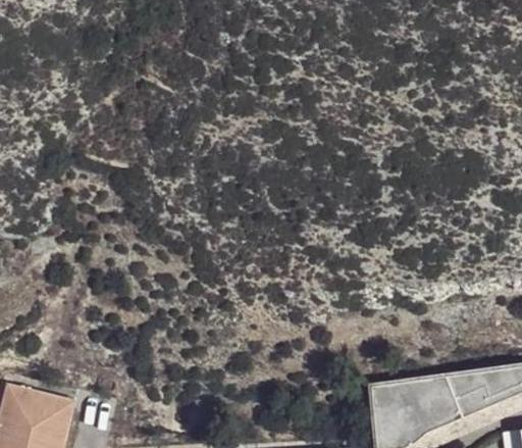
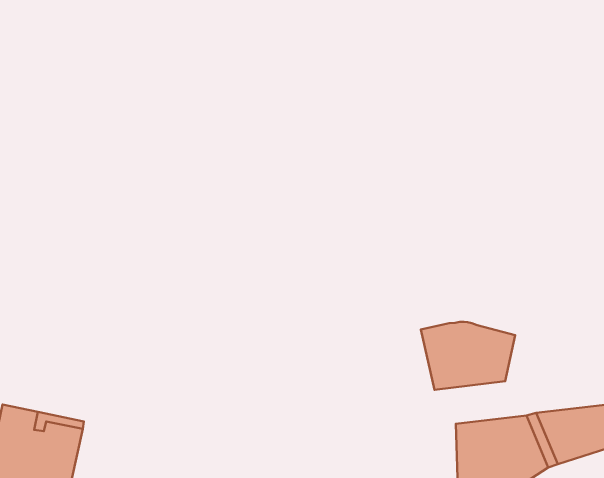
building: none -> [421,322,515,390]

